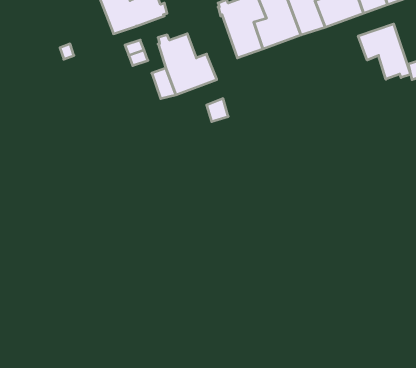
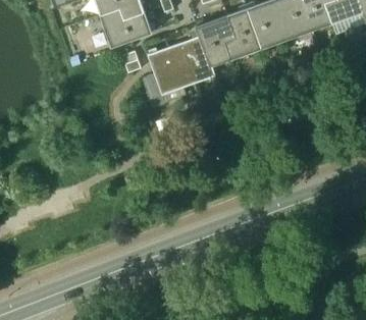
building: none -> [171,33,215,85]
building: [358,24,411,79] -> none

